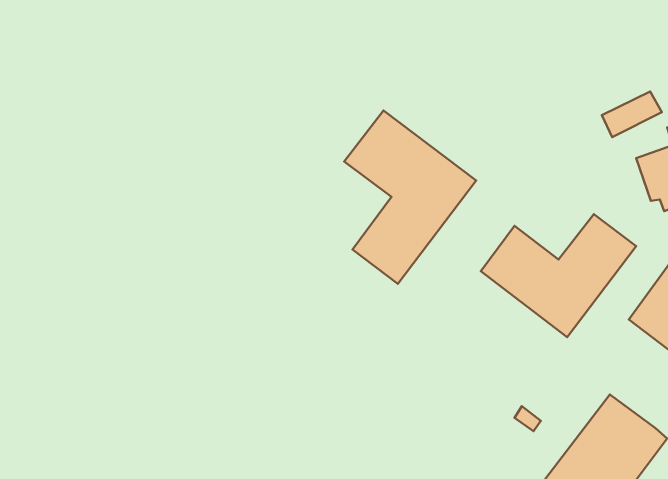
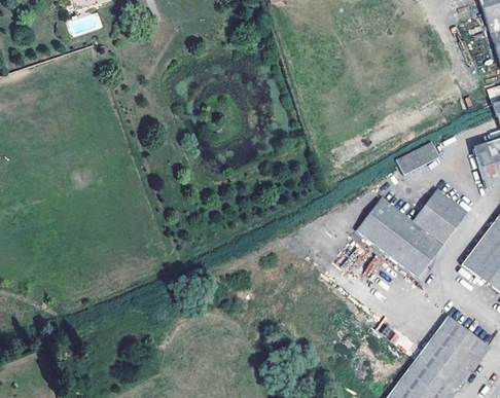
building: [602,92,662,137] -> [397,142,439,174]
building: [344,111,476,284] -> none

